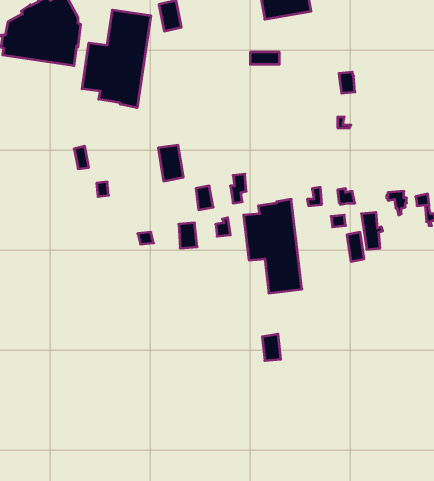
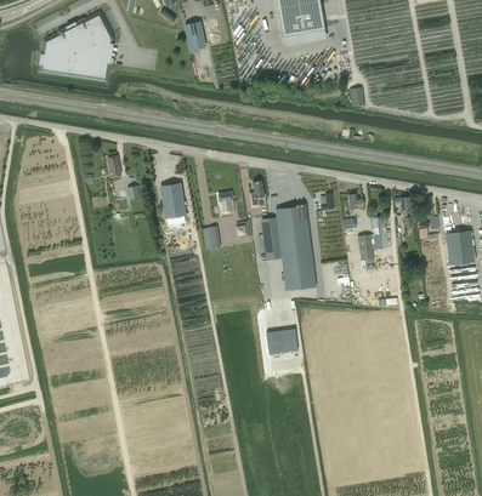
building: [82,10,151,108] -> none
building: [158,145,183,181] -> [161,183,185,216]

